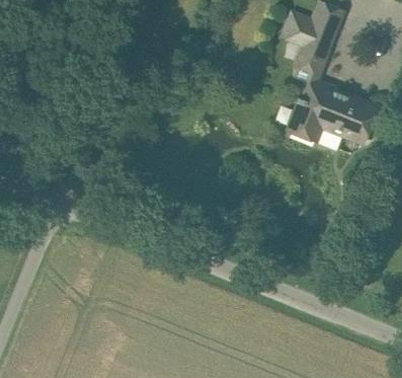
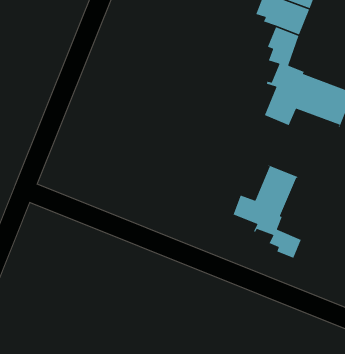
building: none -> [232,164,302,259]

